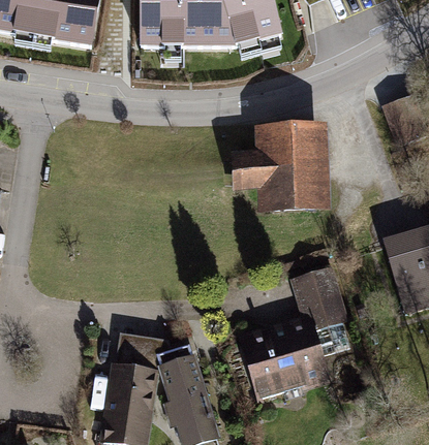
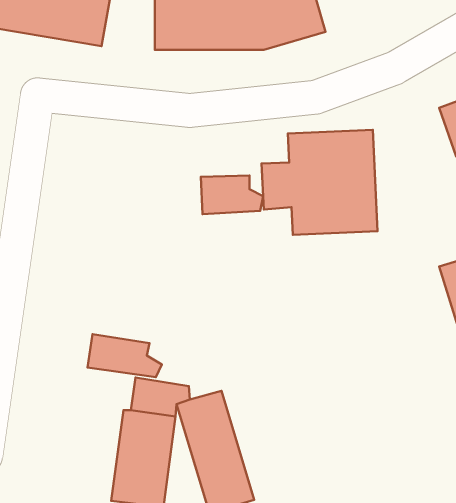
building: none -> [201,176,263,214]
building: [239,261,351,401] -> none
building: none -> [88,334,162,377]

